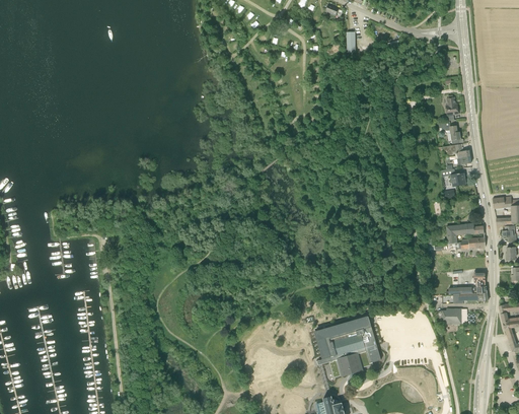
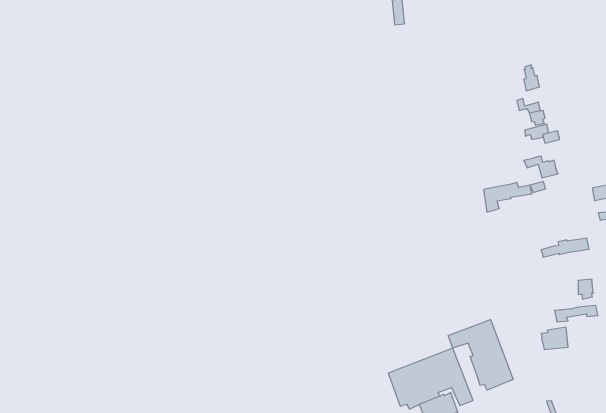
building: [445,222,484,244] -> [484,183,532,212]
building: none -> [448,319,513,390]

